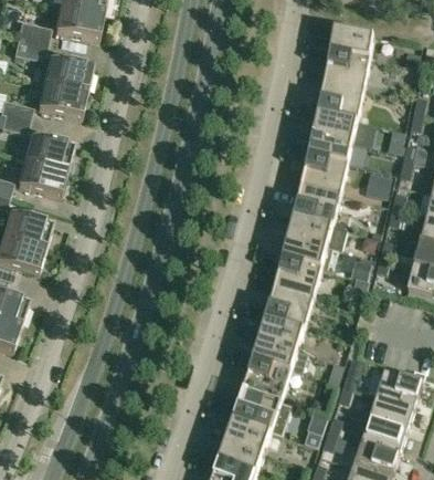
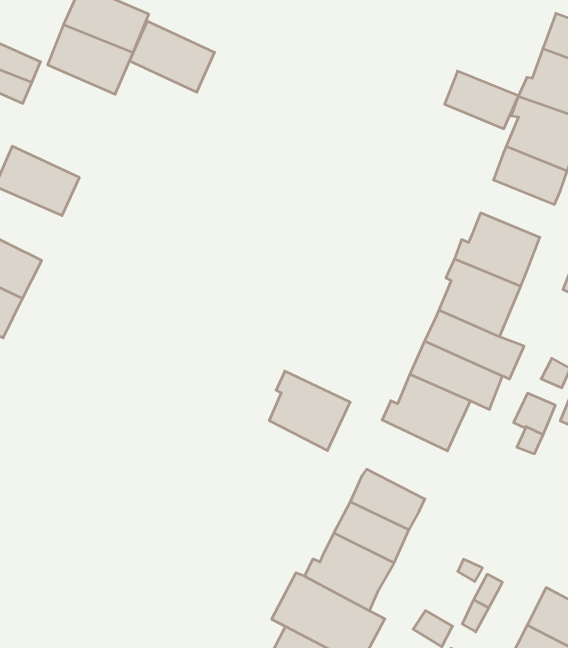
building: [308,134,351,164] -> [445,71,518,129]
building: [23,135,73,173] -> [130,21,215,92]
building: [265,288,311,331] -> [269,371,350,451]

